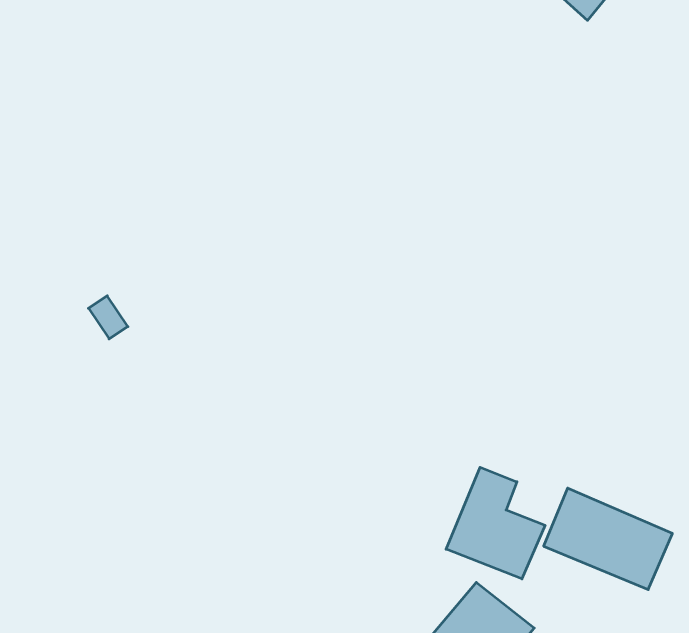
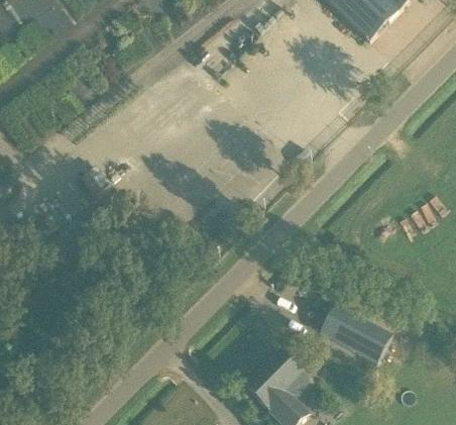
building: [446,467,545,579] -> none

